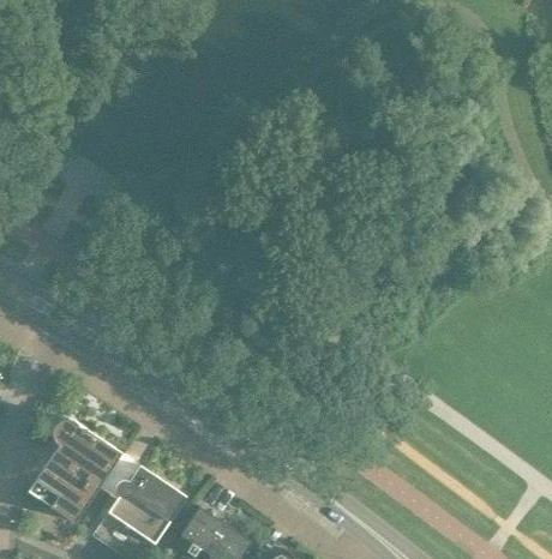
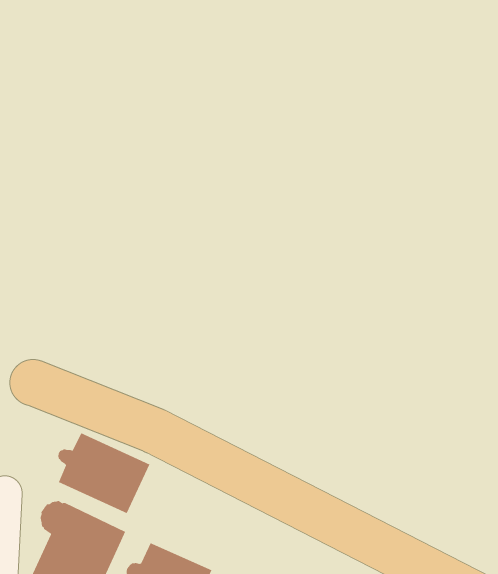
building: none -> [58,432,150,514]

